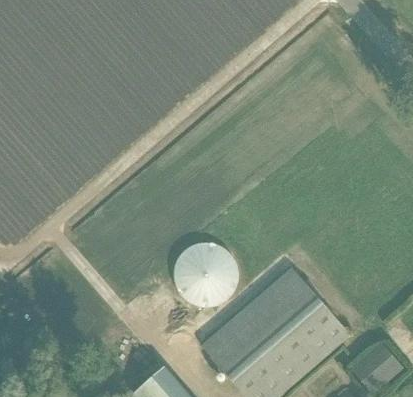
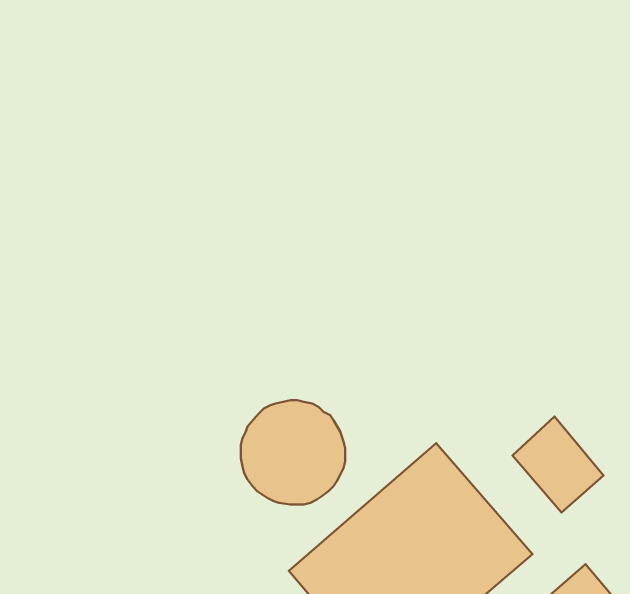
building: none -> [512,416,603,513]

